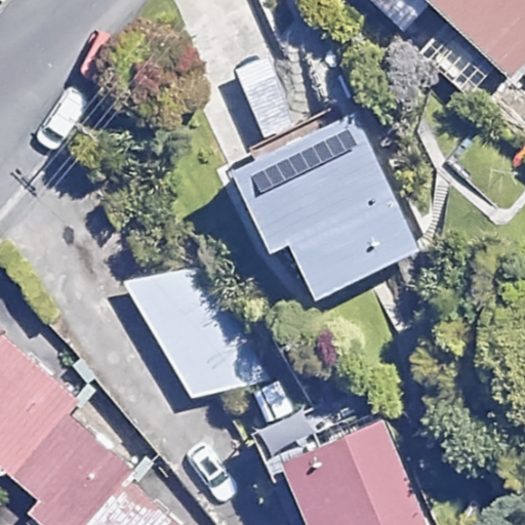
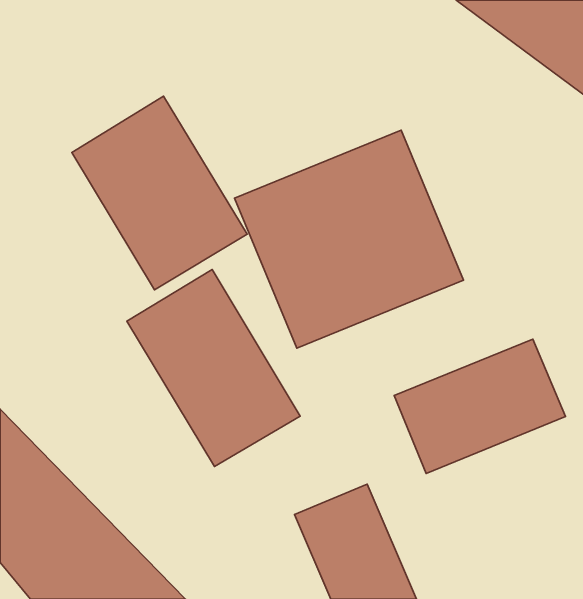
building: none -> [72,96,247,290]
building: none -> [394,339,565,474]

